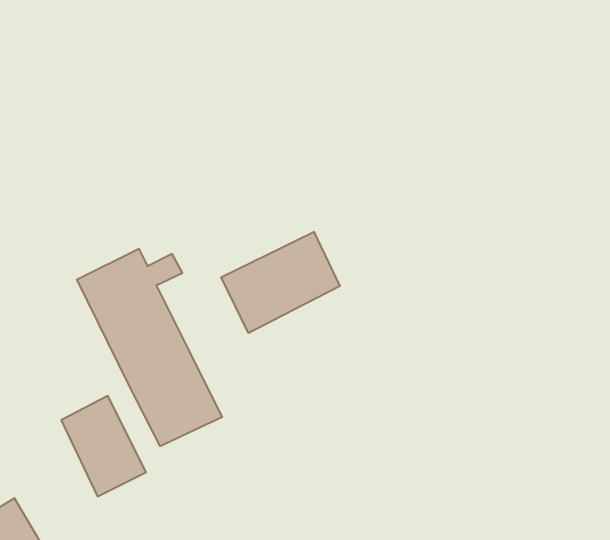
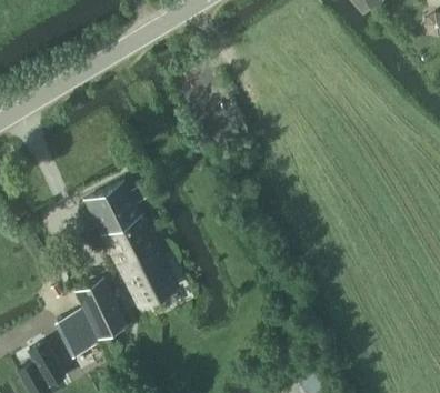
building: [221,232,340,333] -> none
building: none -> [59,310,98,354]

